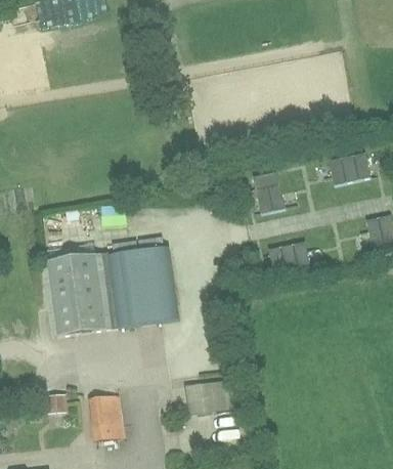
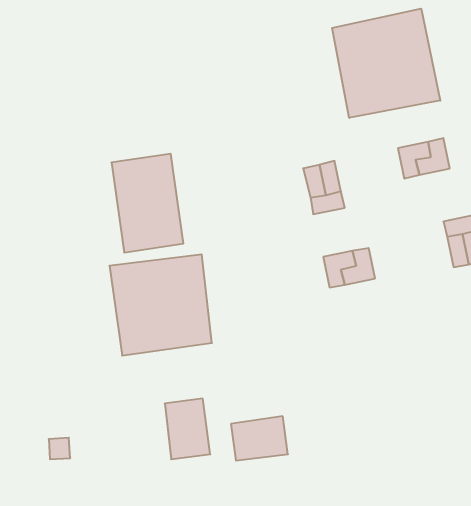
building: none -> [332,9,440,118]
building: [46,255,104,335] -> [111,154,183,252]
building: [87,391,124,440] -> [165,399,210,459]

